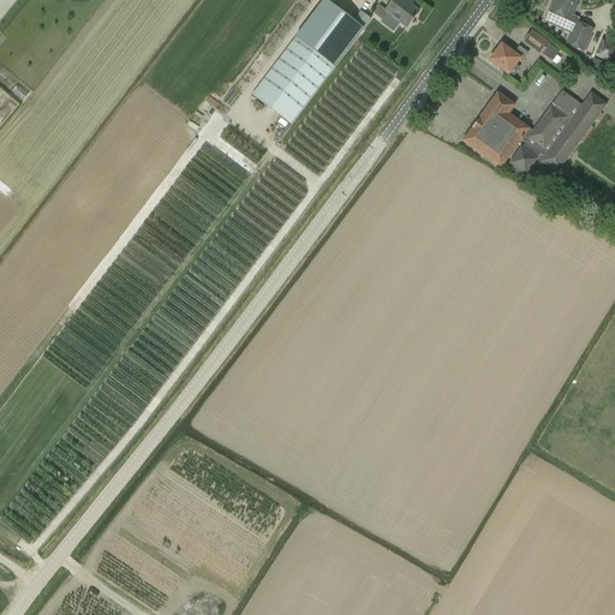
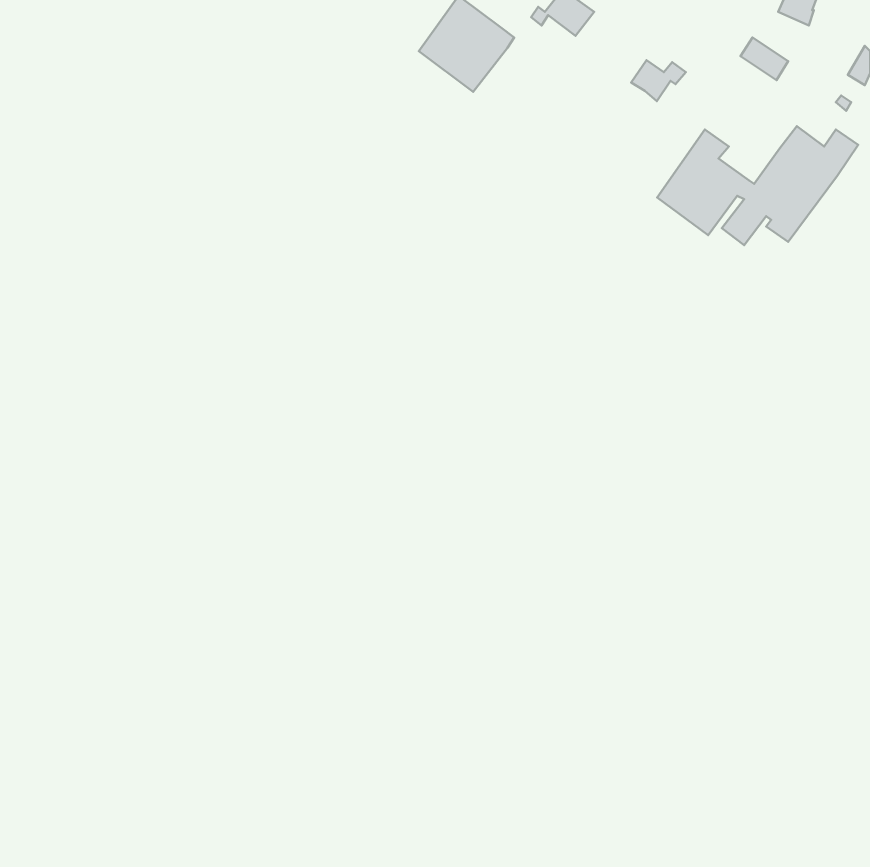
building: [566,19,596,49] -> none
building: [251,36,334,123] -> none
building: [490,43,529,72] -> [631,60,686,101]

